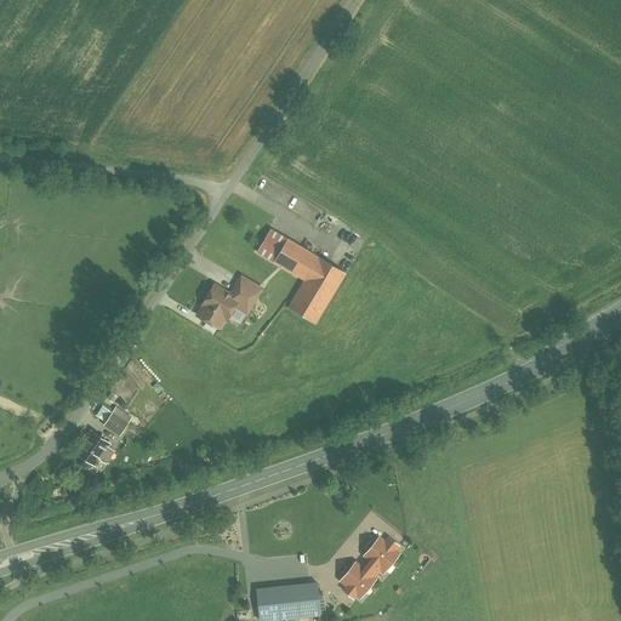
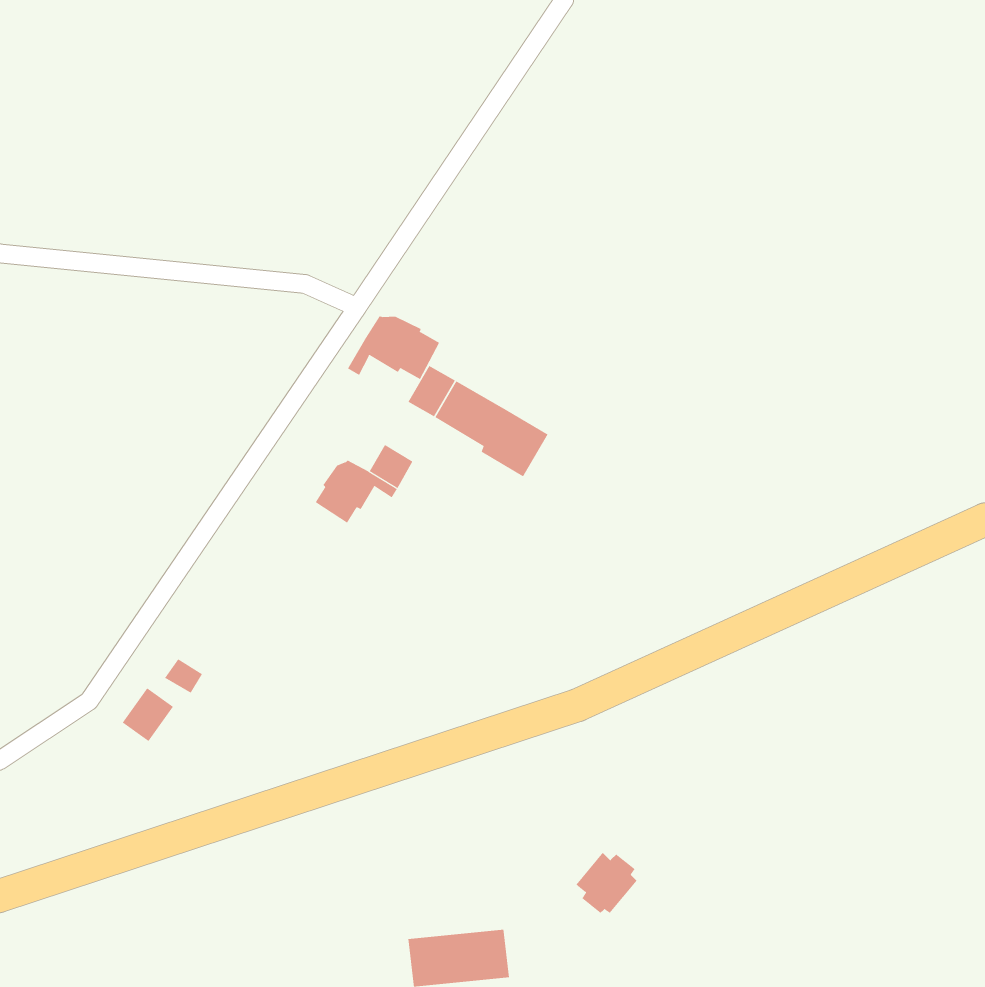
building: none -> [347,315,440,380]
building: [287,284,329,324] -> none
building: [337,560,377,600] -> none

